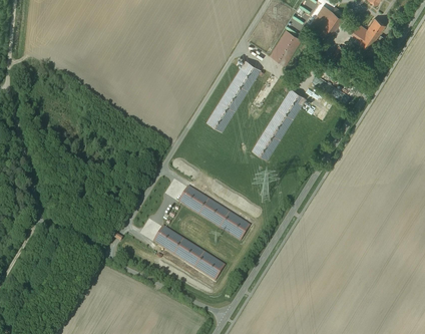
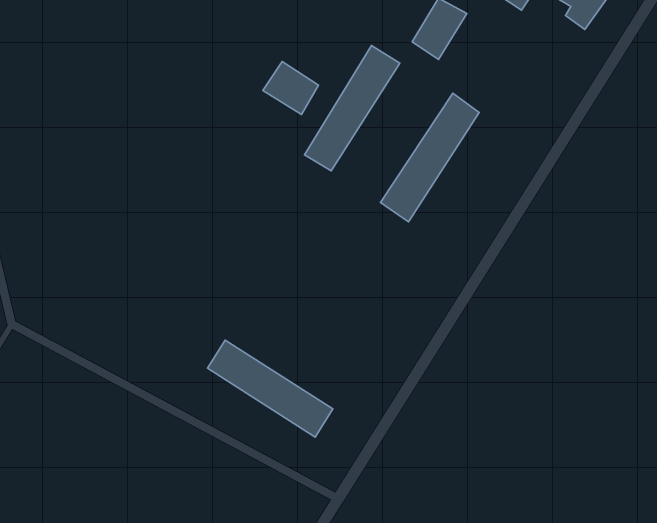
building: none -> [263,62,319,114]
building: [178,187,250,241] -> none

